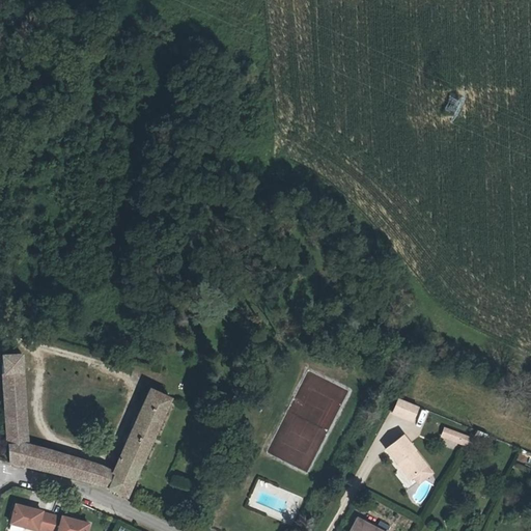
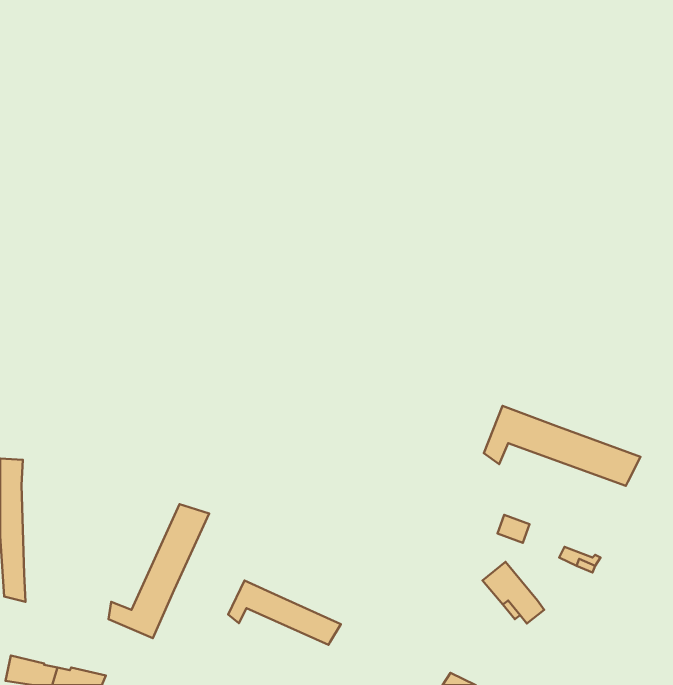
building: none -> [484,406,641,486]
building: [28,444,95,483] -> none
building: none -> [228,581,341,645]

